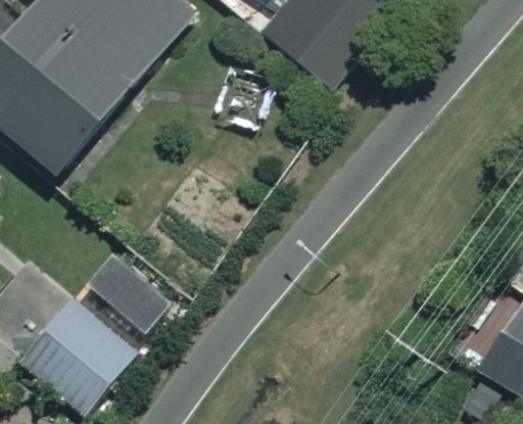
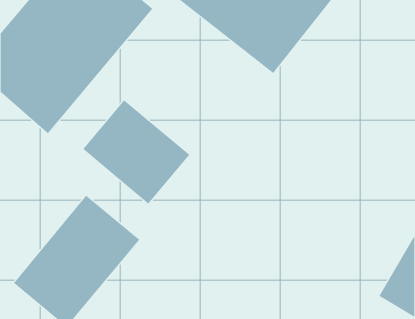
building: none -> [83,99,190,204]

